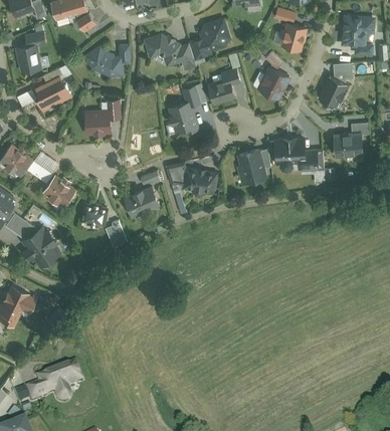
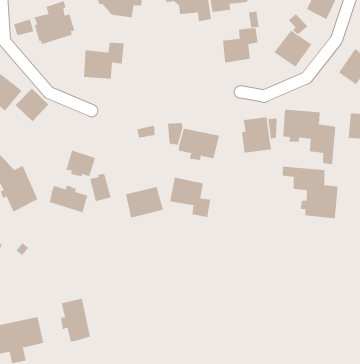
building: [166,84,201,134] -> none
building: [41,175,74,207] -> none
building: [123,184,160,216] -> [125,187,164,218]
building: none -> [282,166,338,219]
building: none -> [169,177,211,218]
building: none -> [49,185,88,213]
building: none -> [61,298,91,342]

